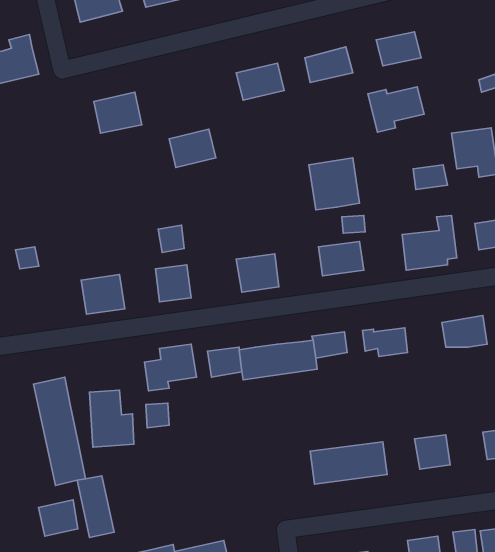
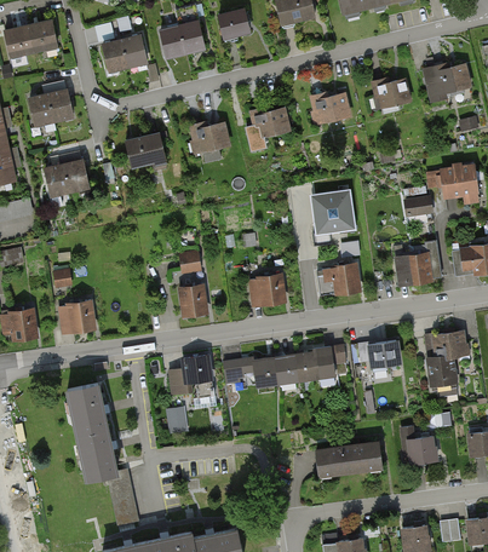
building: [368,87,424,132] -> [421,64,471,104]
building: none -> [46,151,90,195]
building: [169,129,216,167] -> [188,121,229,155]
building: [81,275,125,314] -> [57,301,96,337]
building: none -> [424,357,458,389]
building: [89,390,134,447] -> none
building: [39,500,78,536] -> none

